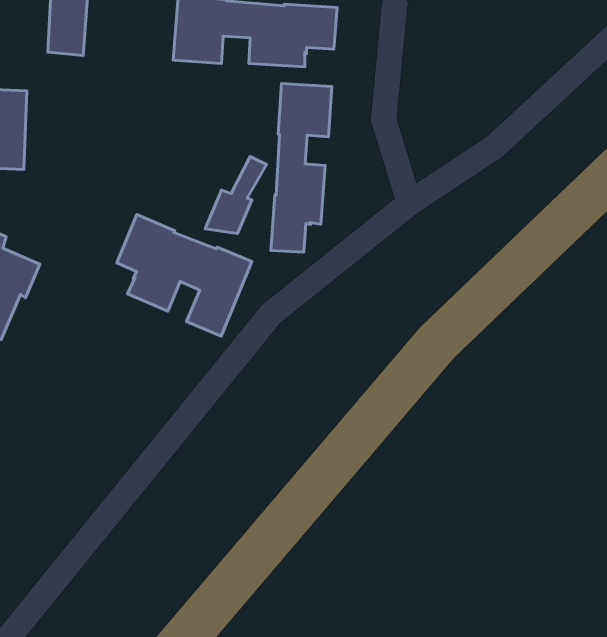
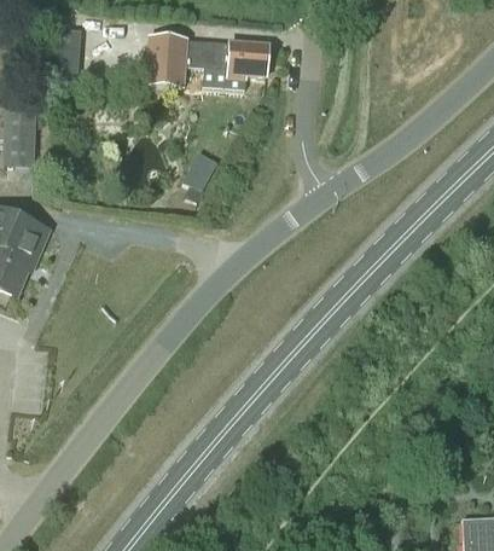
building: [271,84,332,252] -> none
building: [117,215,252,336] -> none

